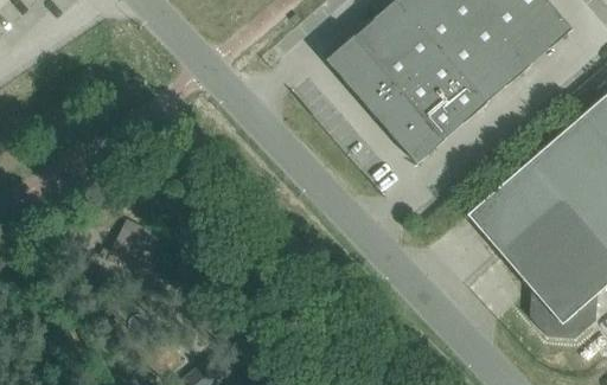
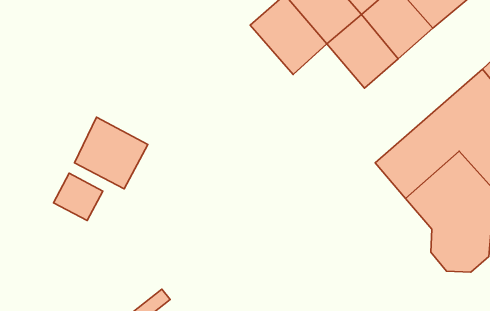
building: [376,79,456,162] -> none
building: none -> [74,117,148,189]

